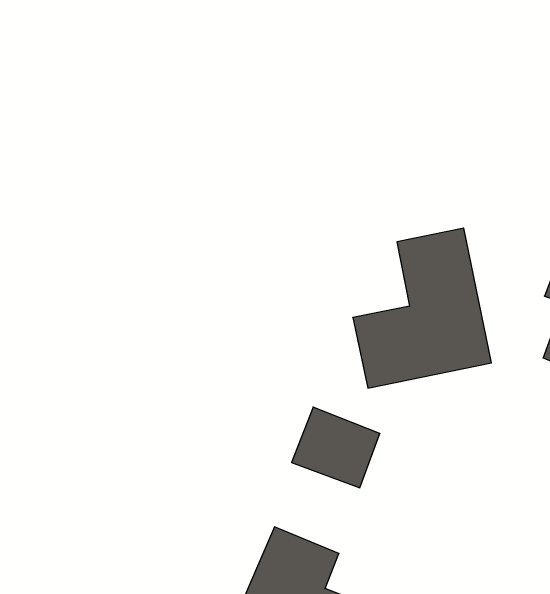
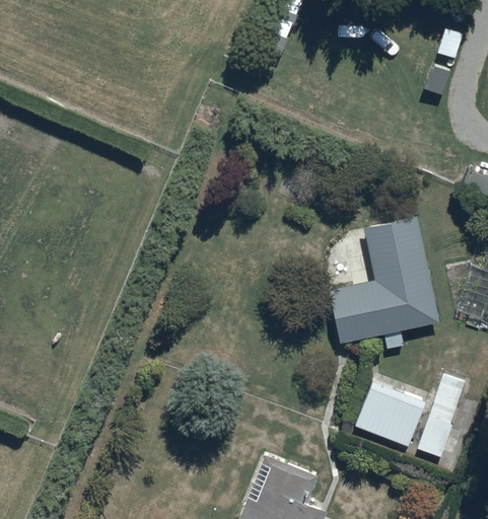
building: [292,407,380,488] -> [355,382,426,447]
building: none -> [417,373,467,458]

